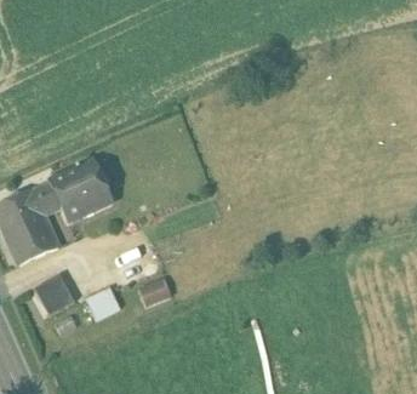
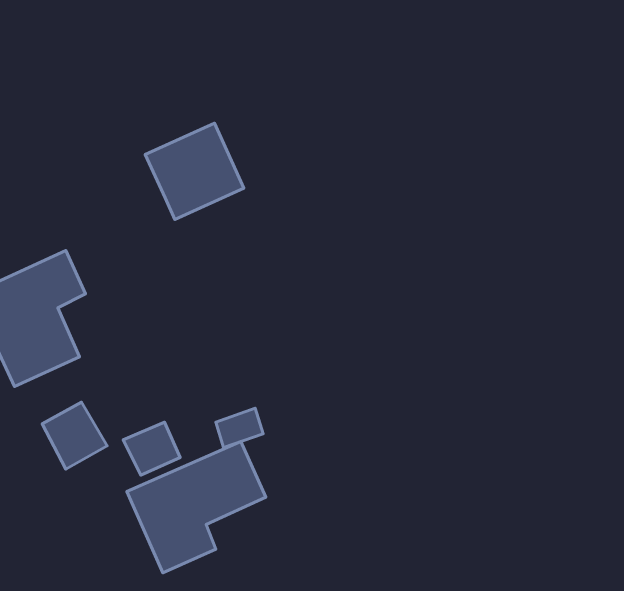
building: [48,162,109,222] -> [145,123,244,220]
building: none -> [127,442,266,573]

